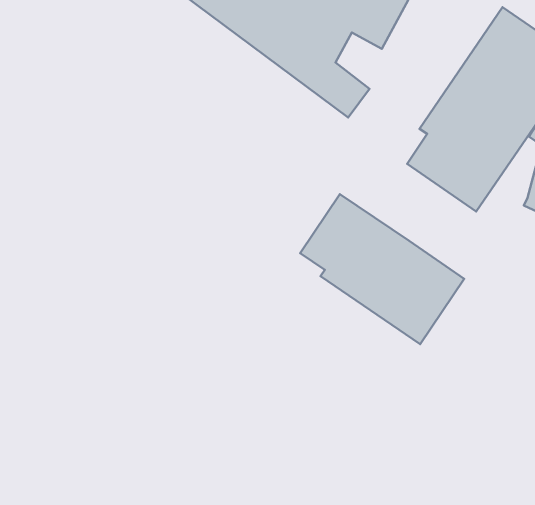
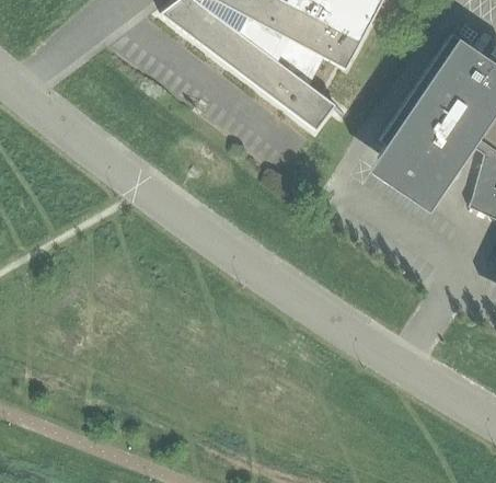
building: [300,194,464,344] -> none

